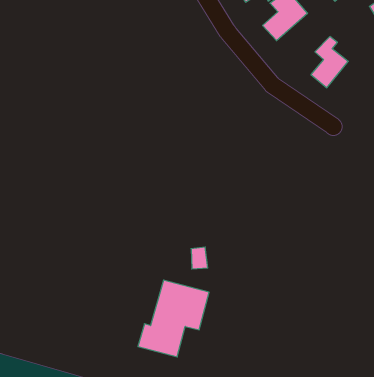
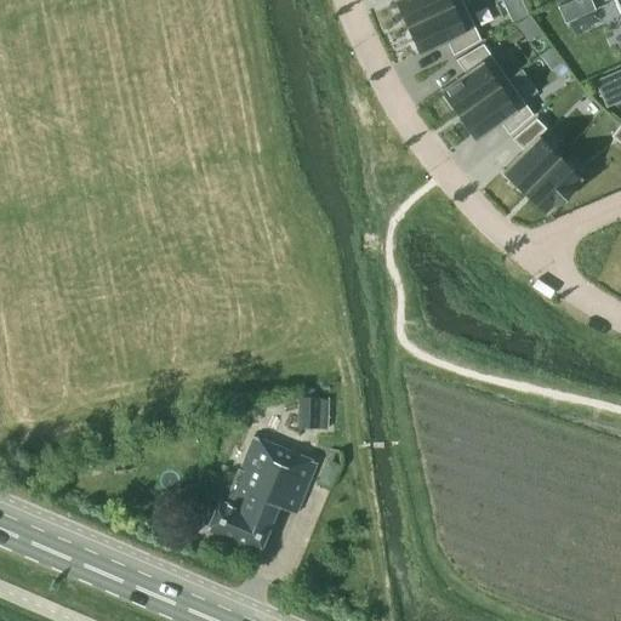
building: none -> [458,79,534,138]
building: none -> [523,155,580,211]

